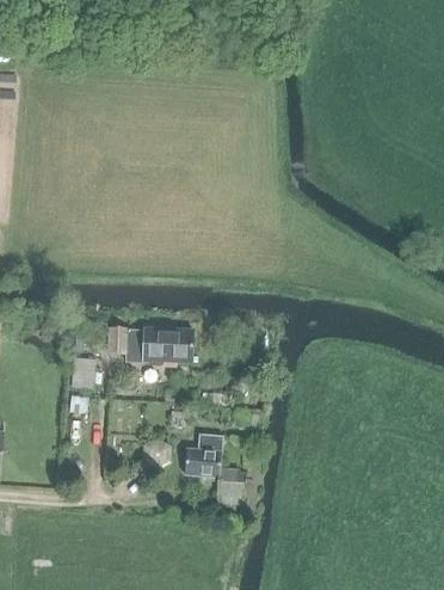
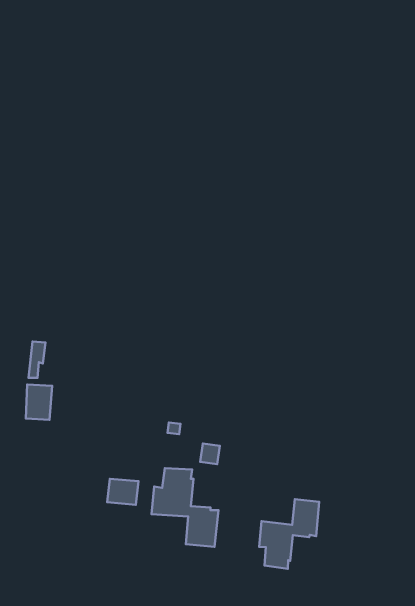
building: [109,330,191,359] -> none
building: none -> [259,499,319,569]

